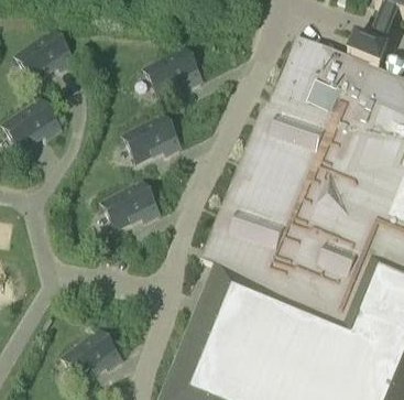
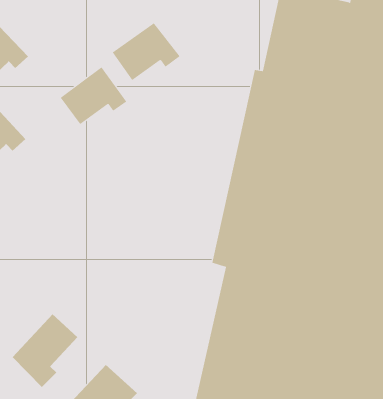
building: [124,113,181,160] -> [60,66,127,125]
building: [102,181,160,227] -> none
building: none -> [12,313,78,388]

